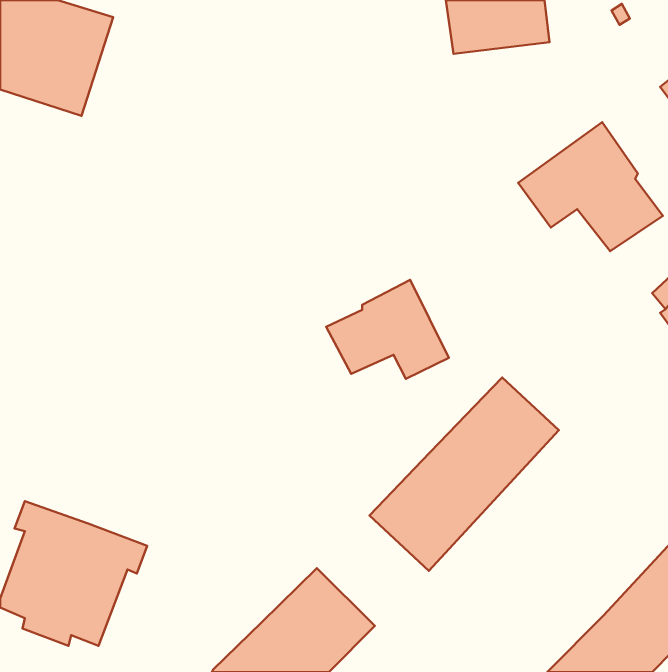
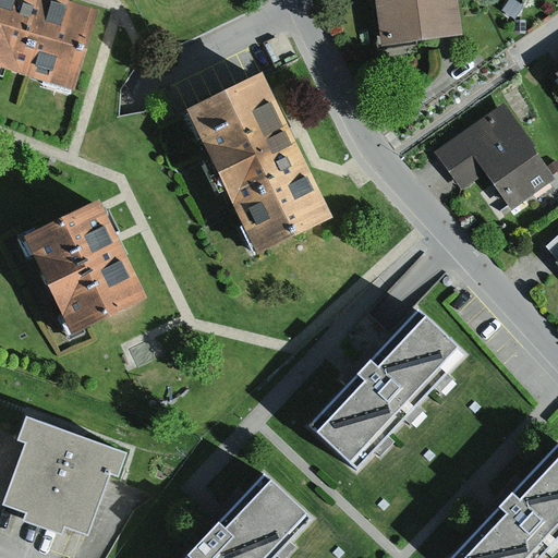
building: none -> [183,72,329,254]
building: none -> [23,199,145,333]
building: [326,280,449,379] -> none

